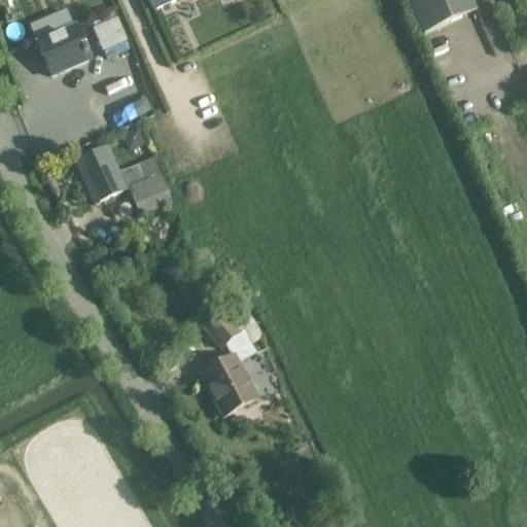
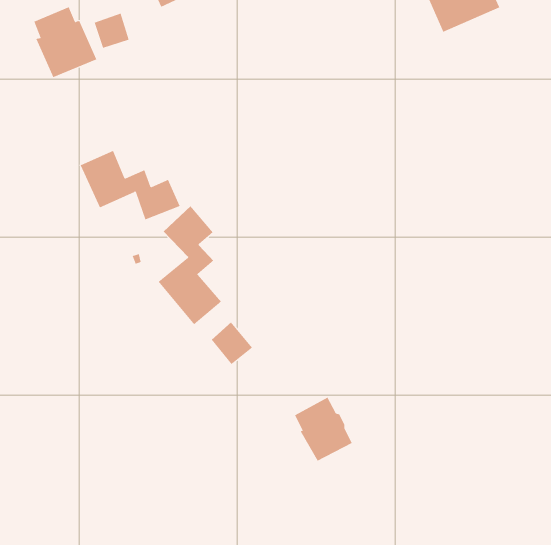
building: none -> [158,206,222,325]
building: [203,351,258,413] -> [294,397,353,462]

